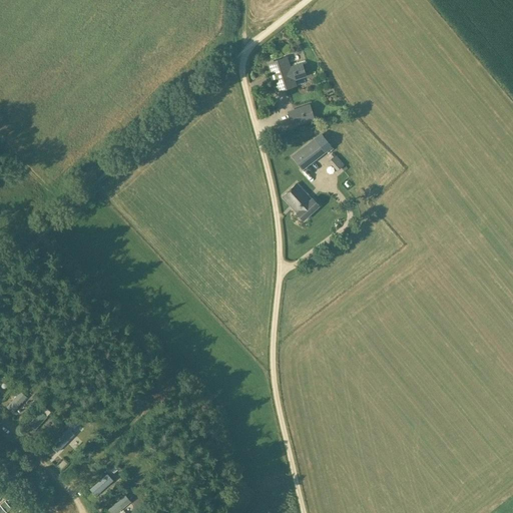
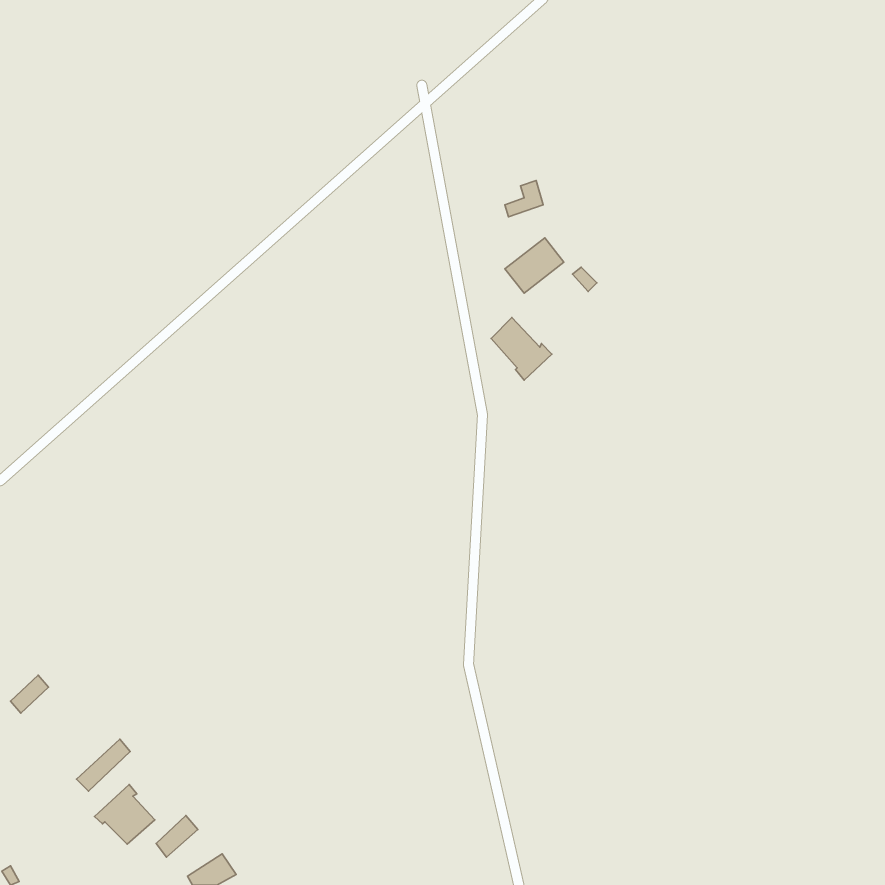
building: [271,57,307,90] -> none
building: none -> [94,785,155,844]

